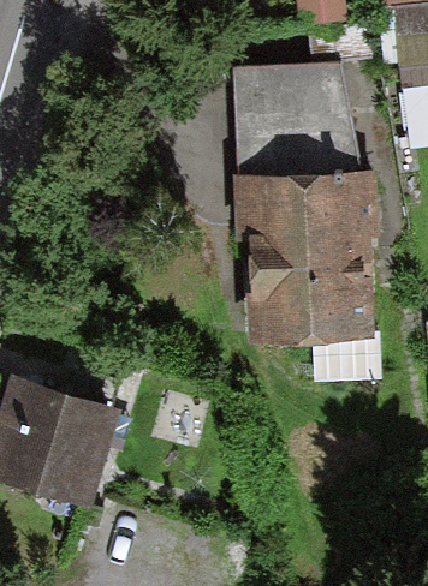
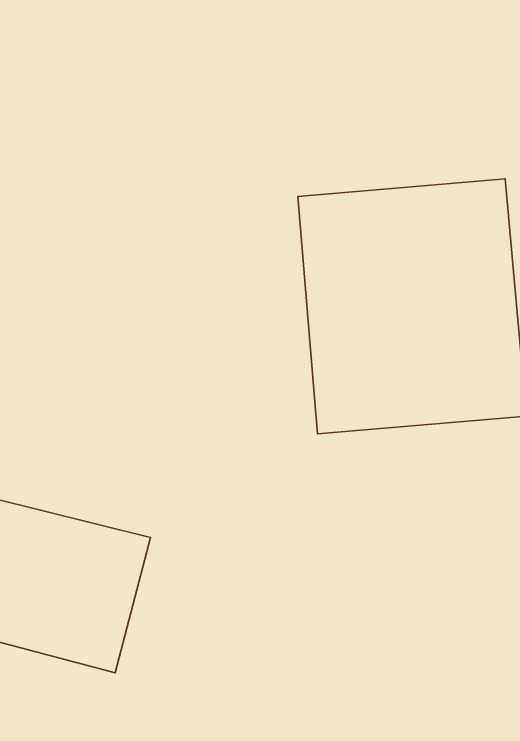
building: [232,60,357,167] -> none

